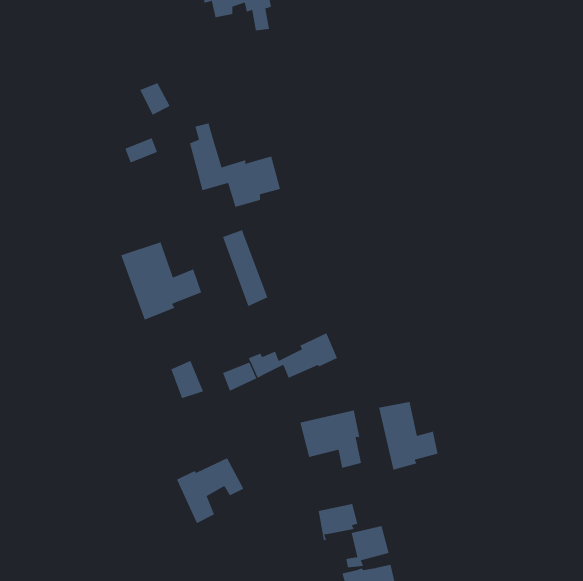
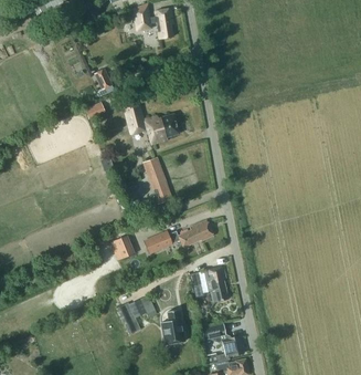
building: [120,241,202,320] -> none
building: [379,401,438,470] -> none
building: none -> [161,310,184,345]

